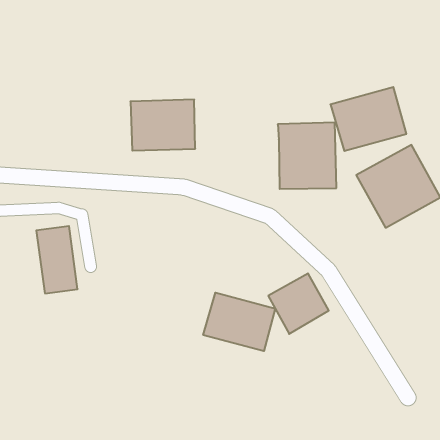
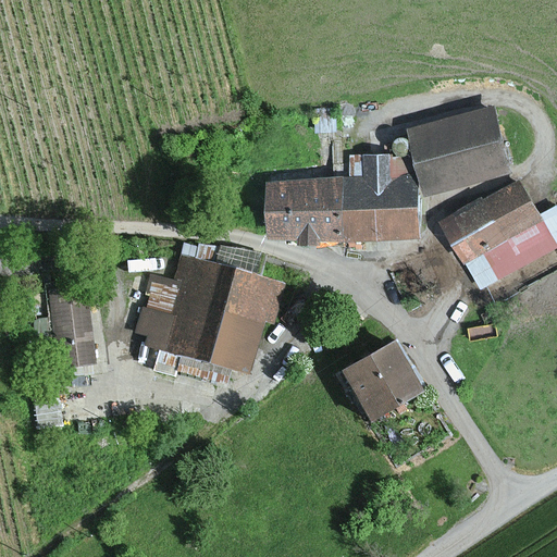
building: [130,100,195,151] -> [271,176,352,240]
building: none -> [136,259,278,370]
building: [203,293,275,351] -> none

